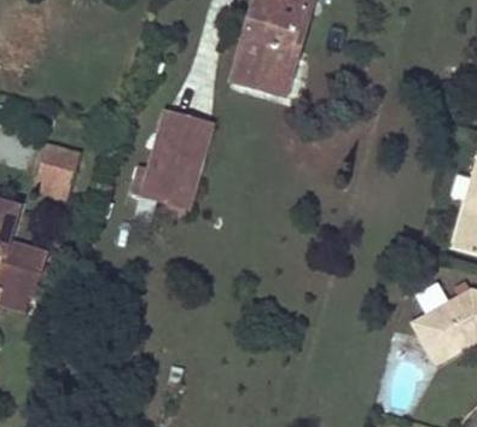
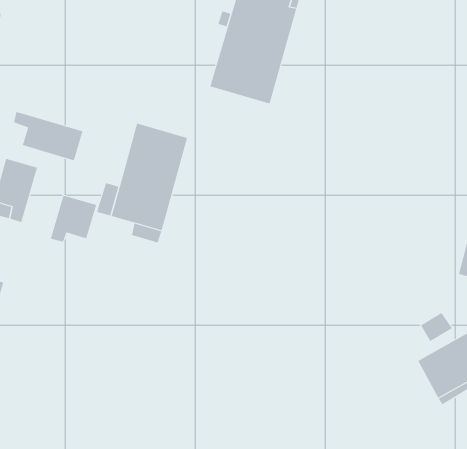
building: none -> [13,111,83,161]
building: none -> [50,195,97,242]

